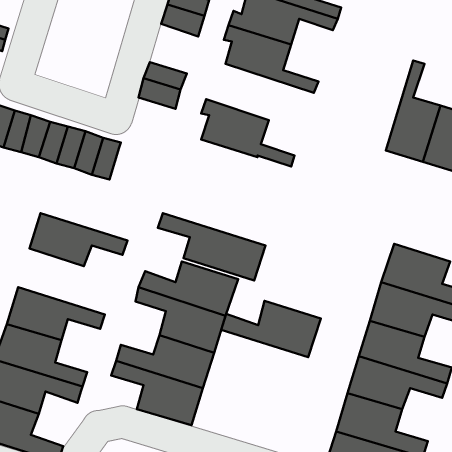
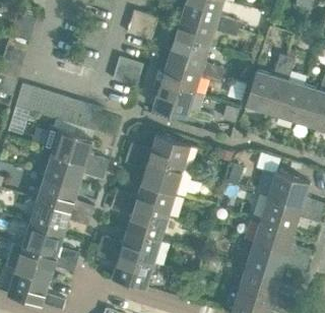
building: none -> [246,54,286,113]
building: none -> [155,58,223,93]
building: none -> [42,125,109,170]
building: none -> [37,175,94,216]
building: [221,301,321,357] -> [128,134,191,170]

